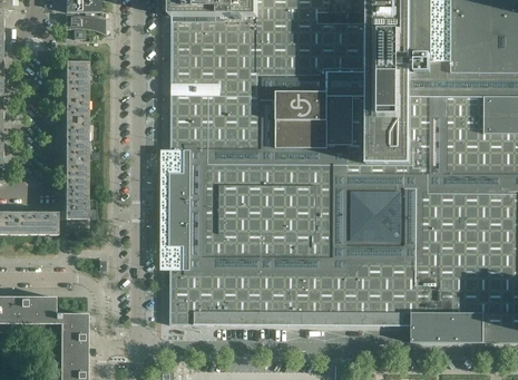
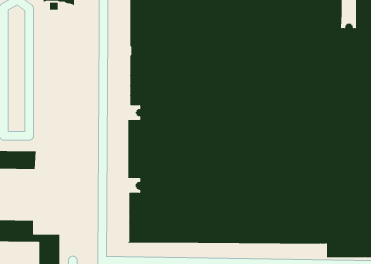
building: [66,62,88,220] -> none

